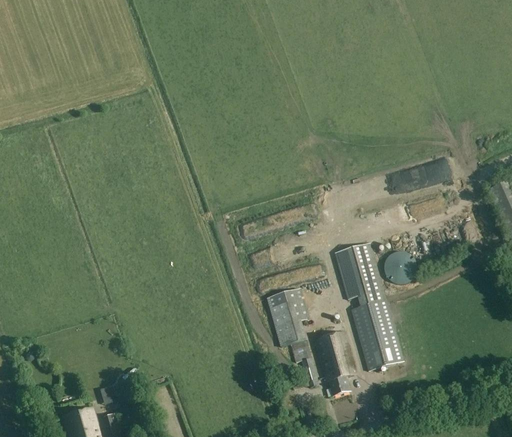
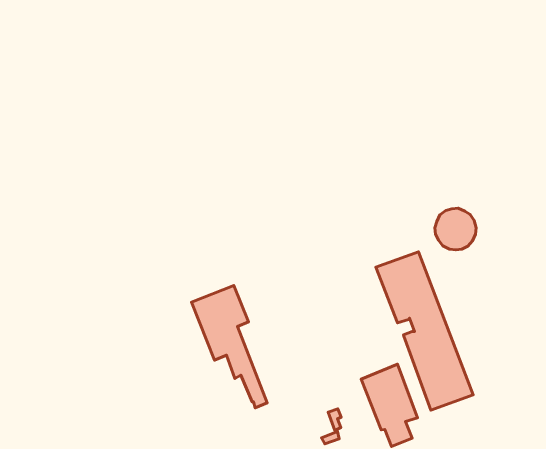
building: [384,250,417,283] -> [435,208,476,250]
building: [266,287,319,386] -> [191,286,267,408]

